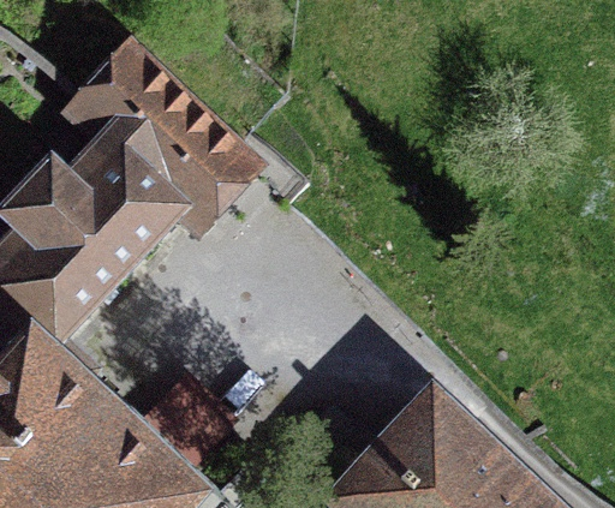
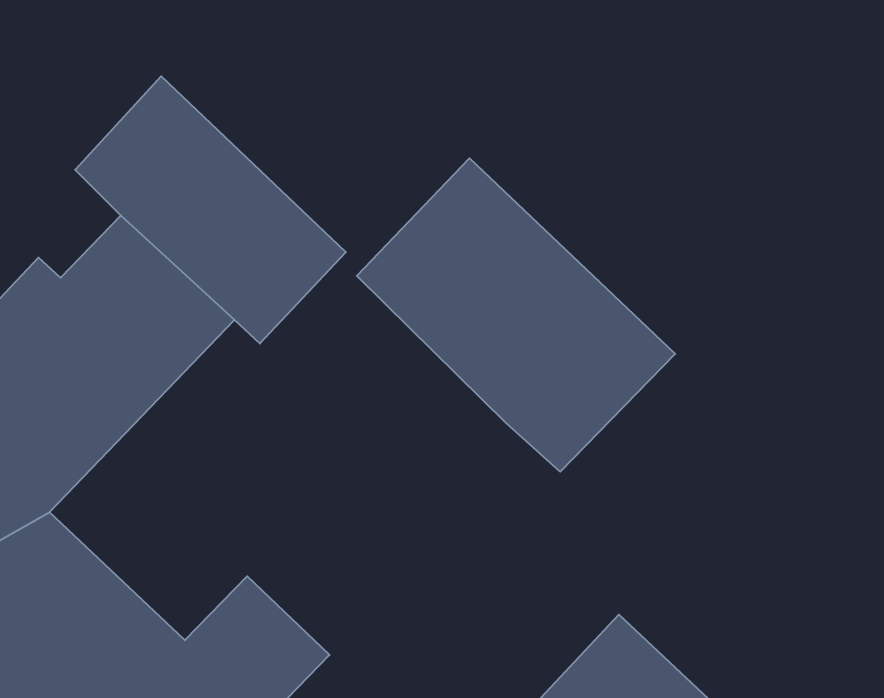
building: none -> [357,158,675,472]

